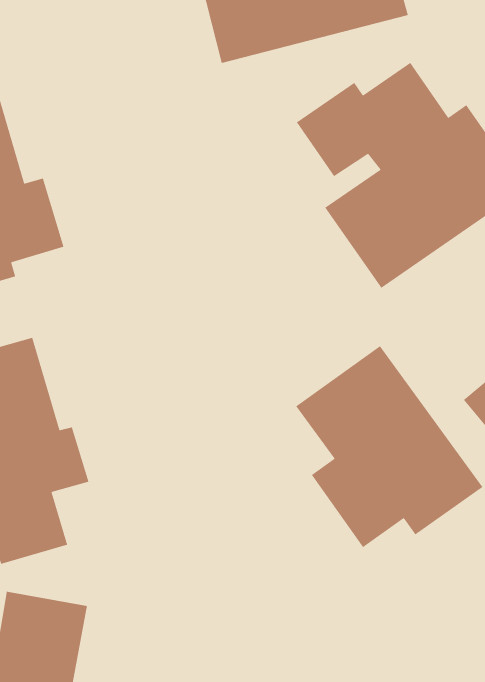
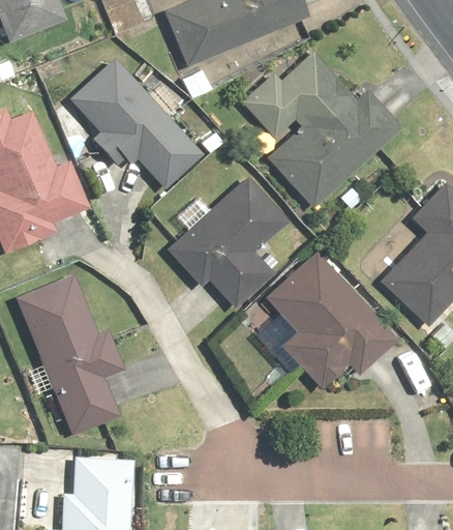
building: none -> [71,55,205,188]
building: none -> [163,175,289,311]

